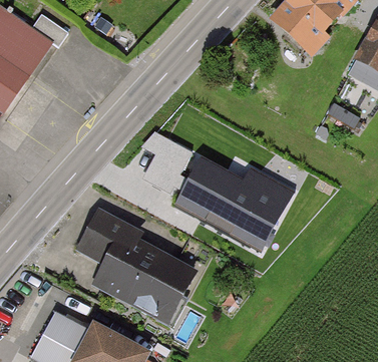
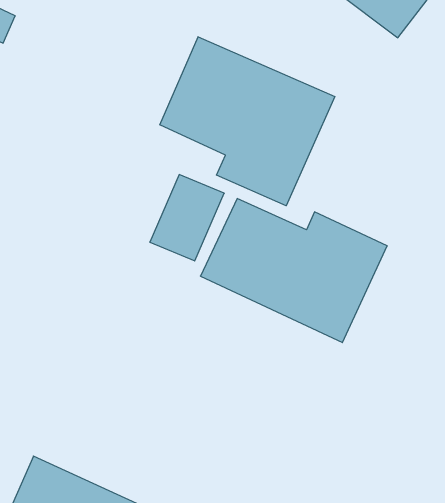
building: none -> [160,37,335,206]
building: [78,219,193,323] -> none

